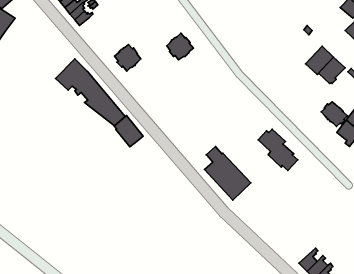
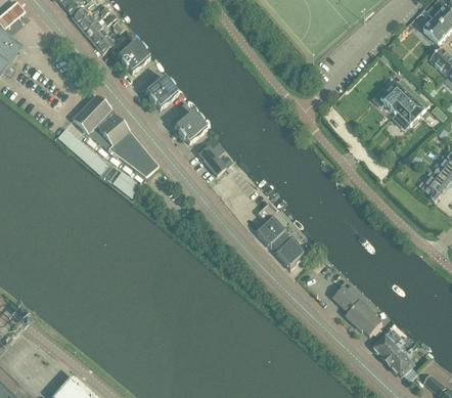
building: none -> [117,41,149,74]
building: [167,33,193,60] -> [174,110,207,143]
building: [321,102,348,127] -> none
building: [114,115,143,147] -> [196,136,232,175]
building: [258,129,298,170] -> [333,284,382,336]

